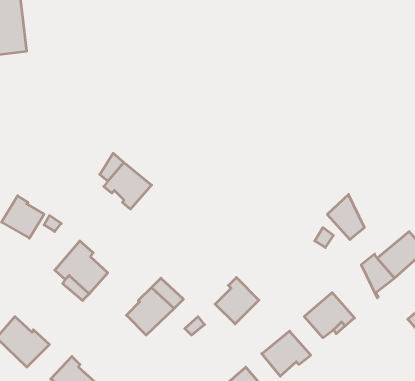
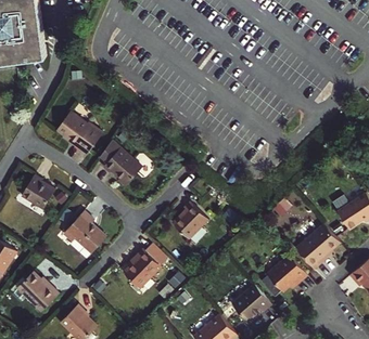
building: none -> [56,112,103,154]
building: [327,194,364,240] -> [296,230,327,266]
building: [215,277,259,324] -> [170,201,206,239]

